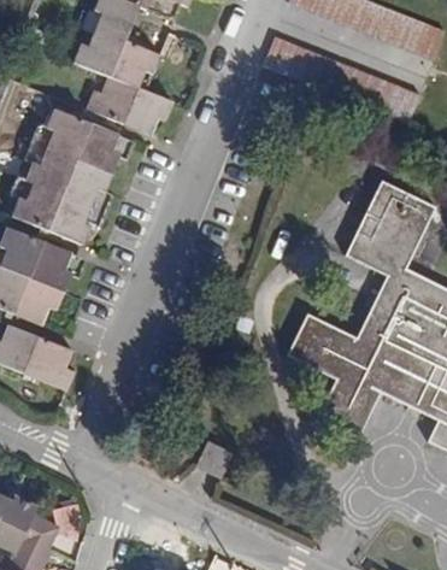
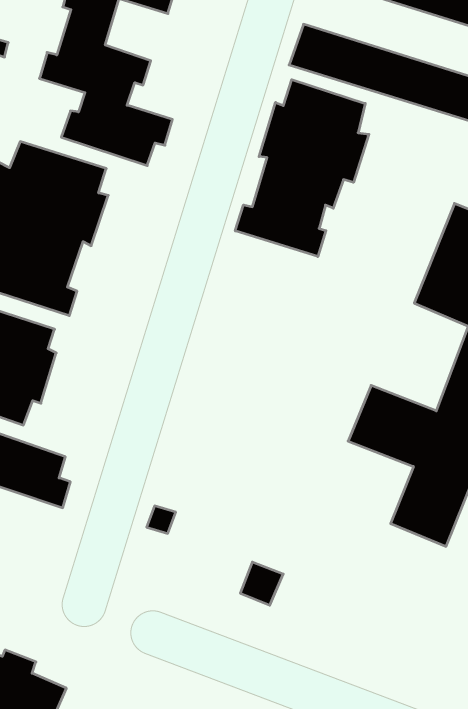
building: none -> [235,80,369,257]

